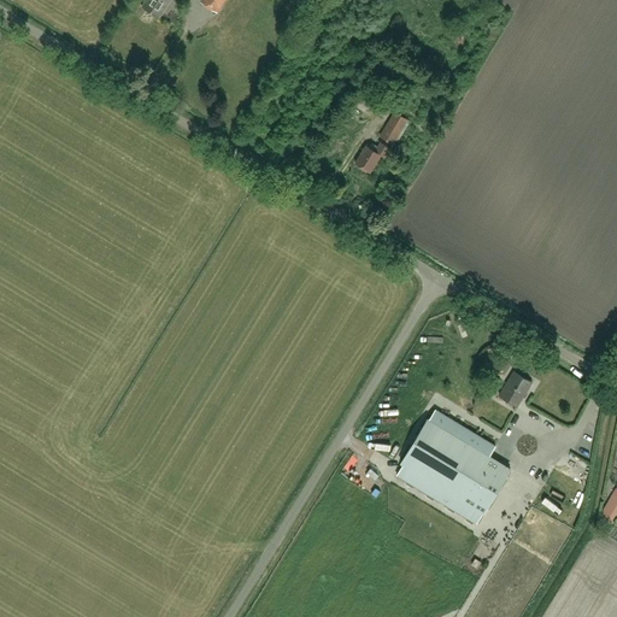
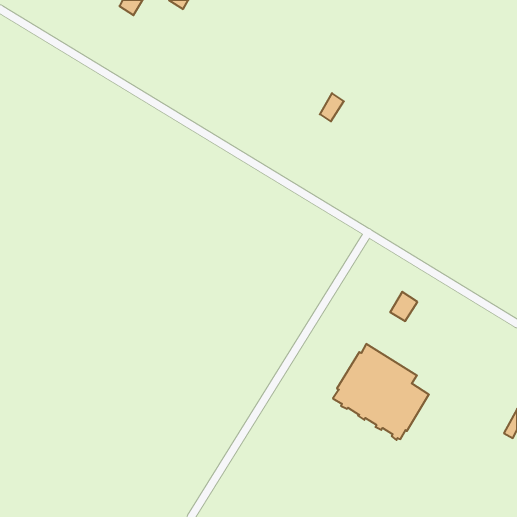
building: [355,142,392,172] -> none
building: [500,371,533,406] -> [390,292,417,321]

